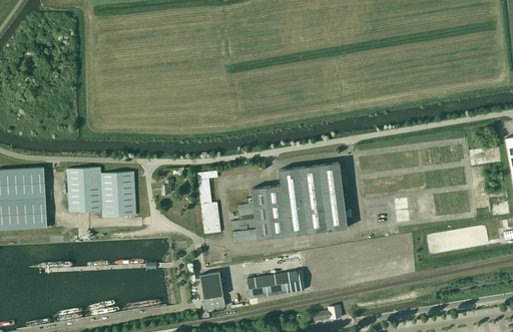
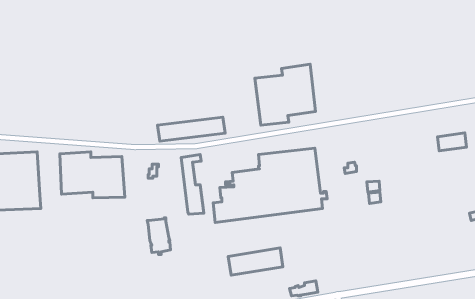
building: none -> [255,64,315,125]
building: none -> [158,117,225,141]
building: [199,272,224,311] -> [147,218,171,254]

